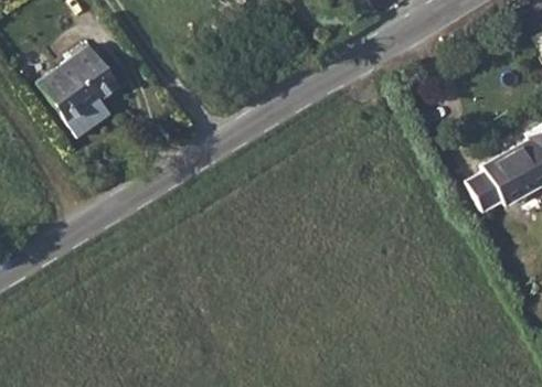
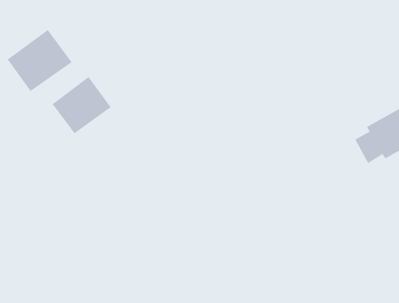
building: none -> [52,76,112,134]

